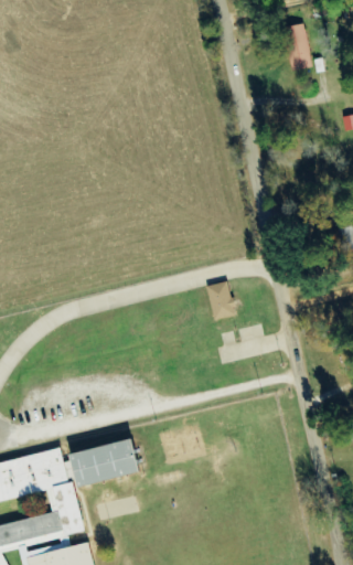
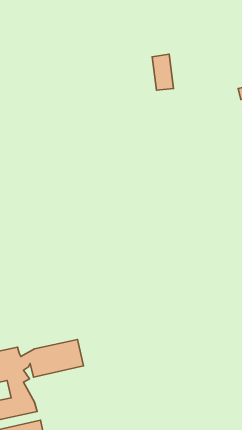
building: [282,23,310,70] -> [152,54,174,90]
building: [204,279,235,319] -> none

